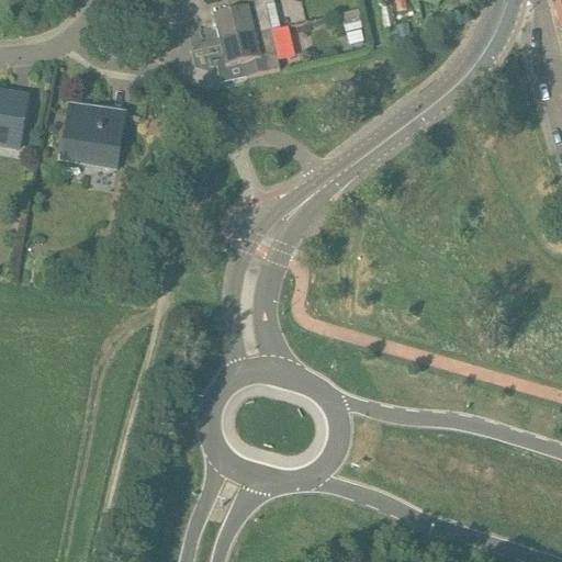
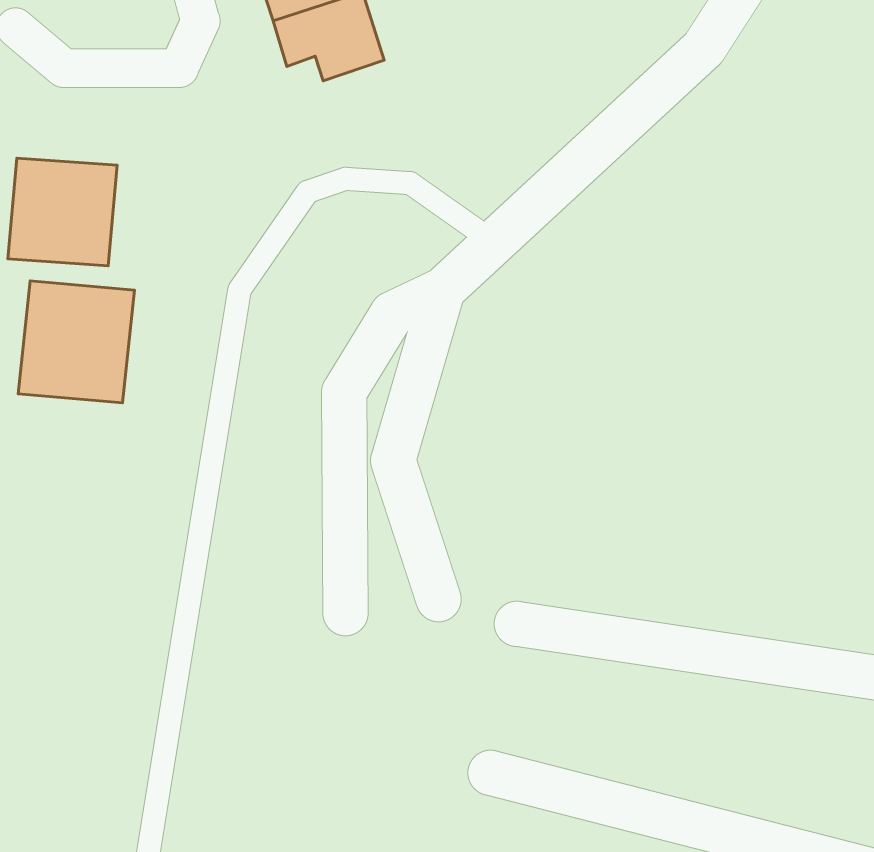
building: none -> [18,281,135,403]

